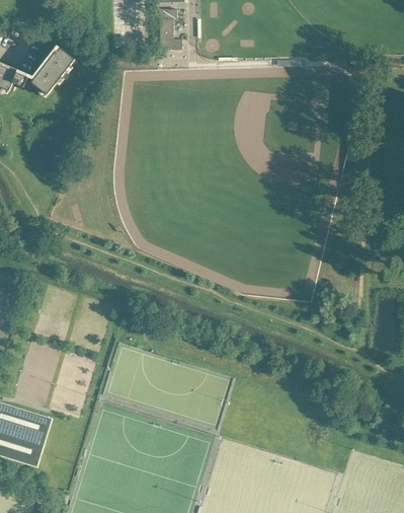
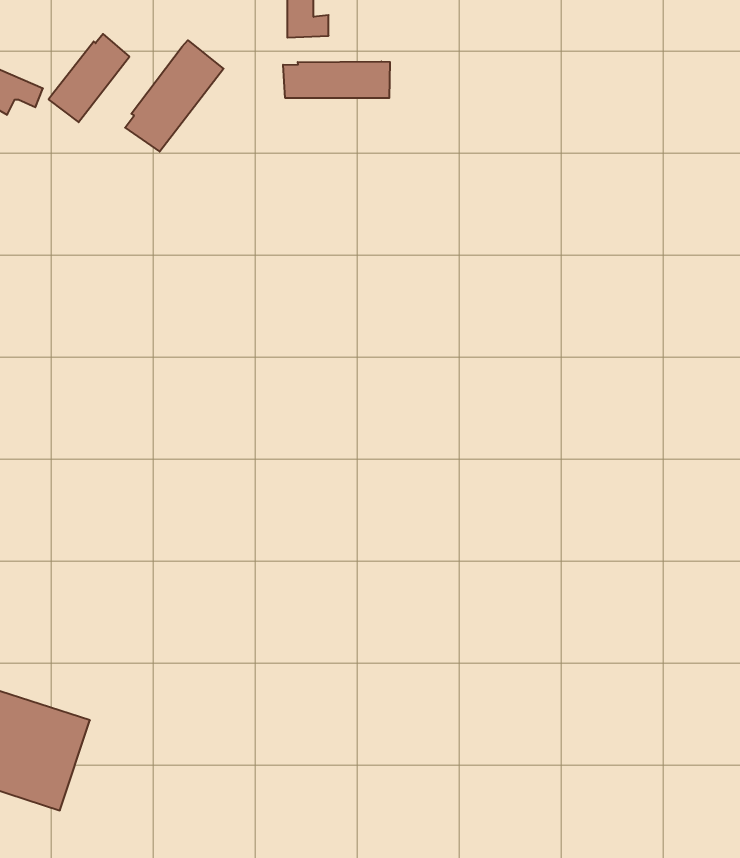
building: none -> [125,40,224,152]
building: none -> [283,61,390,98]

